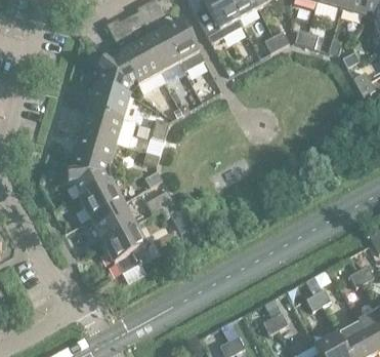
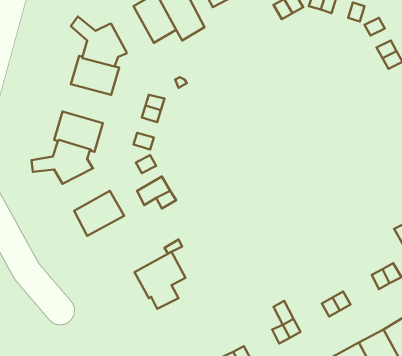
building: [120,40,160,84] -> none
building: [81,108,123,142] -> none
building: [78,177,122,217] -> none
building: [102,222,146,271] -> [135,252,186,309]

